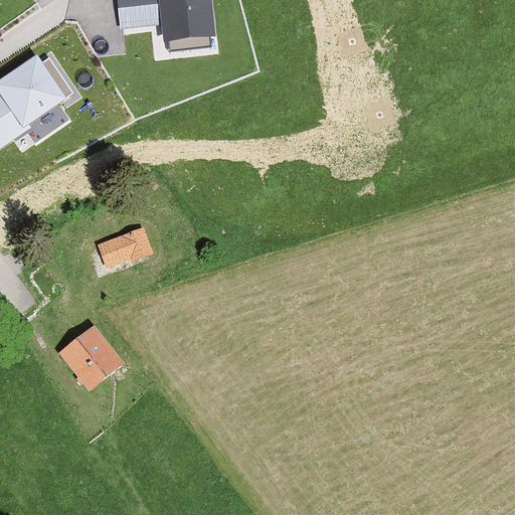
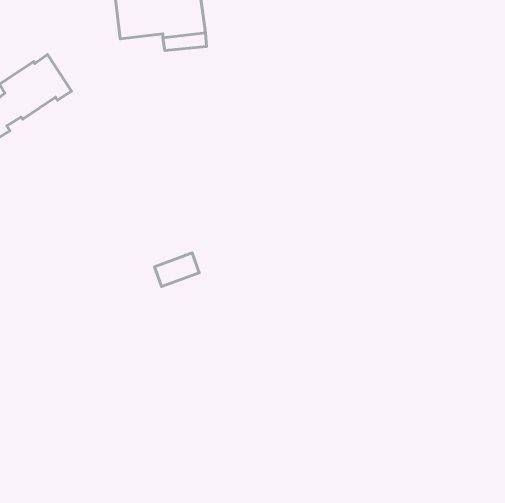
building: [103,228,148,263] -> [155,253,199,287]
building: [58,323,126,391] -> none

